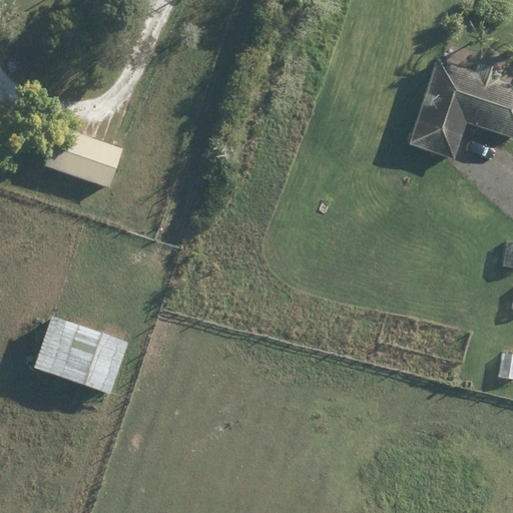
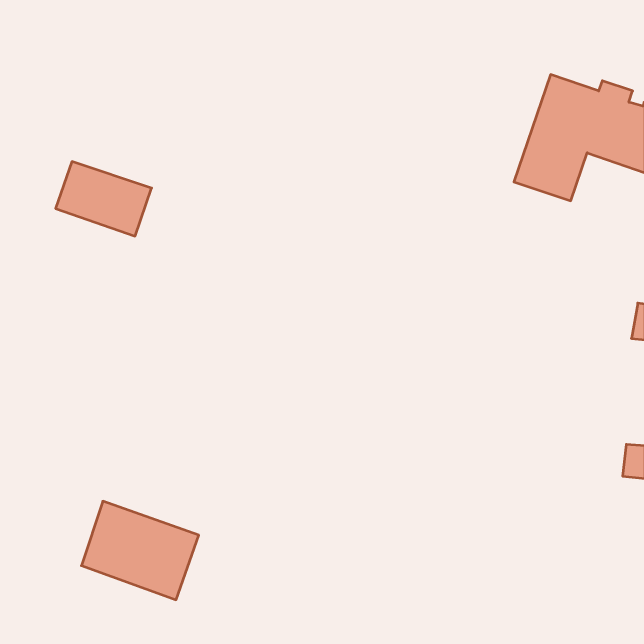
building: [34,317,127,395] -> [81,501,199,600]

